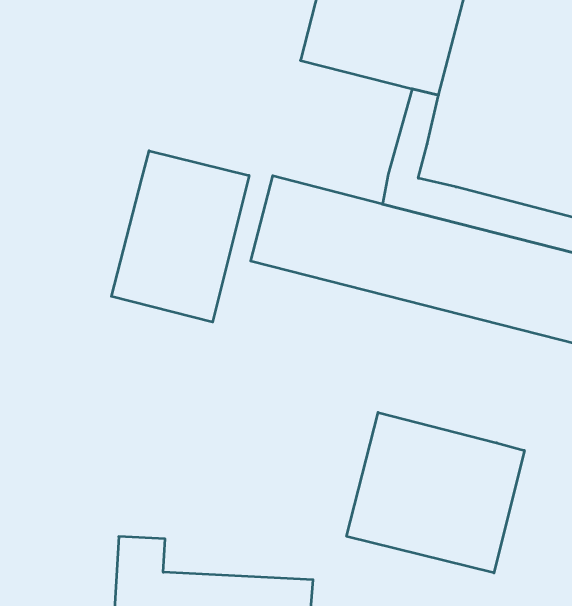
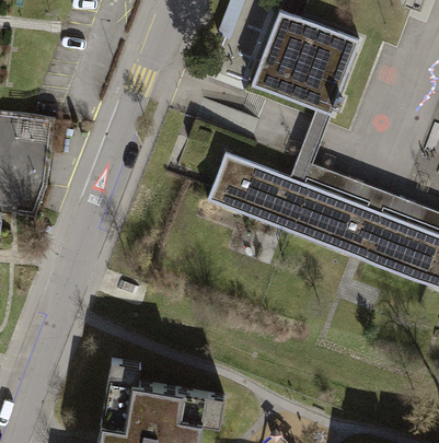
building: [111,151,249,322] -> none
building: [347,412,524,573] -> none

